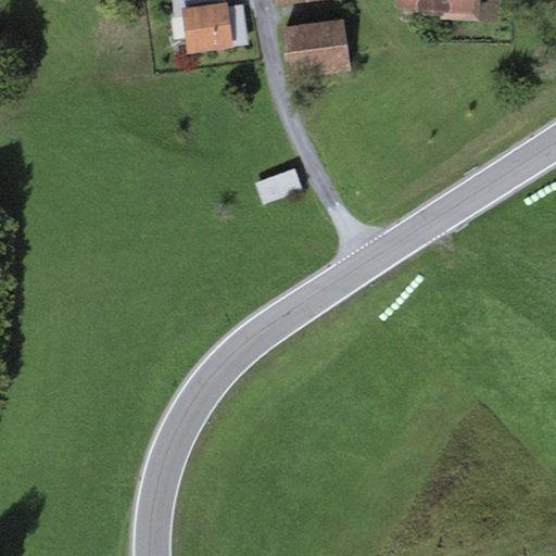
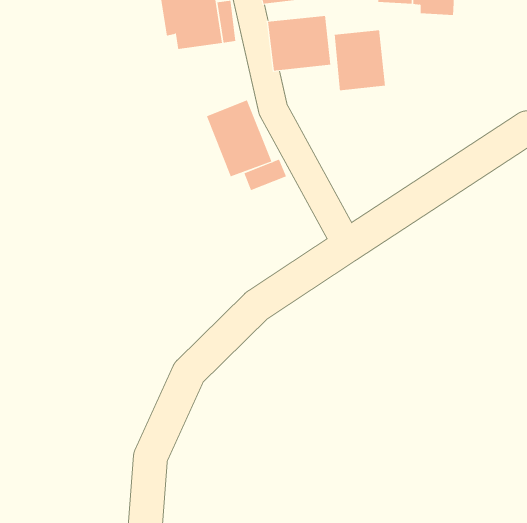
building: none -> [334,29,386,91]
building: none -> [206,99,272,177]

